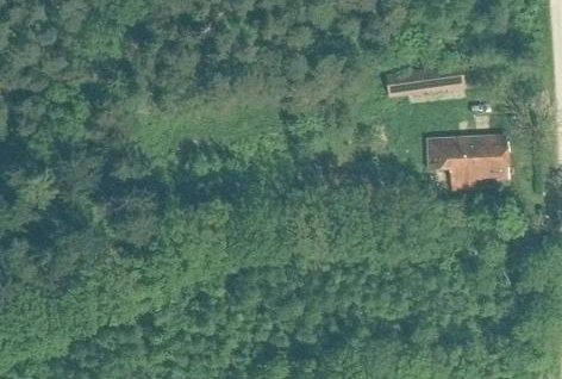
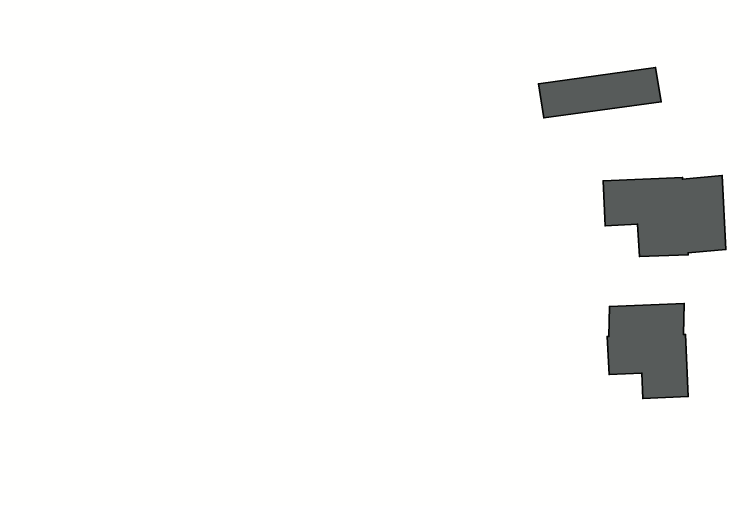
building: none -> [607,303,688,399]

